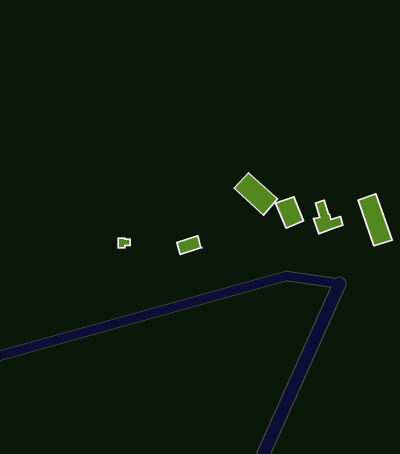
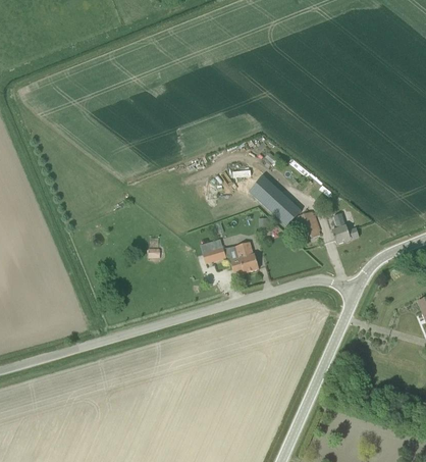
building: [358,194,392,246] -> none
building: none -> [231,240,259,271]

